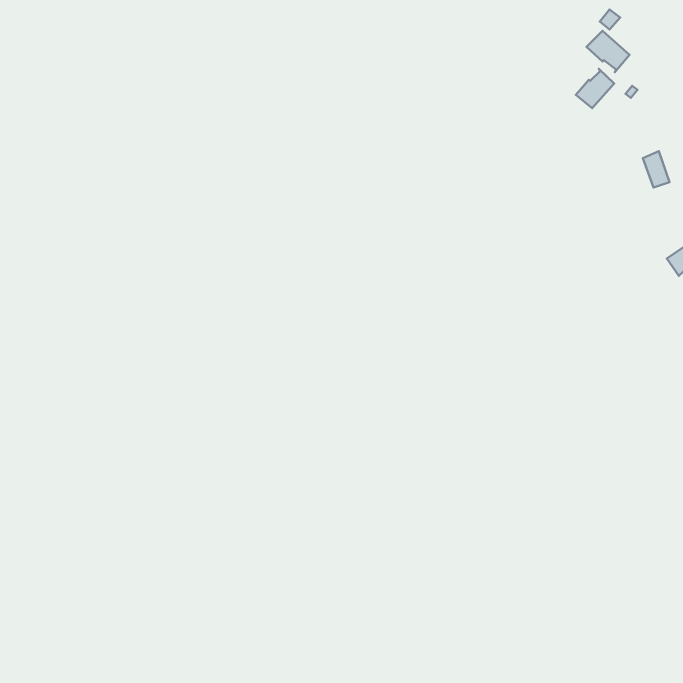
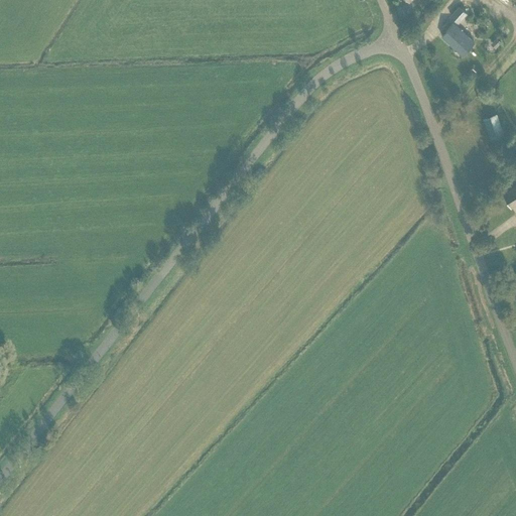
building: [576,69,614,108] -> none

